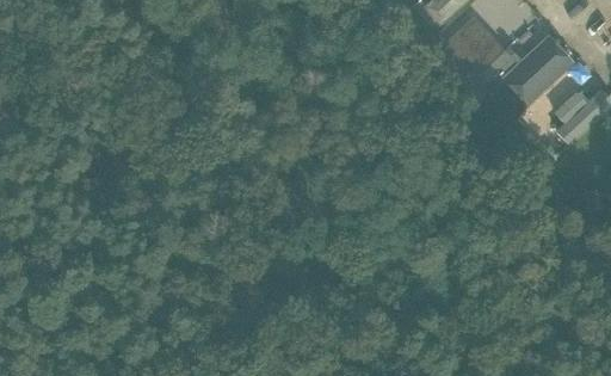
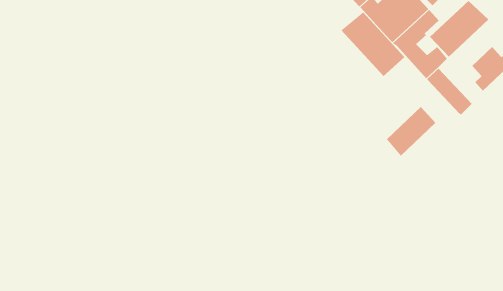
building: none -> [341,12,405,77]
building: none -> [386,106,436,156]

